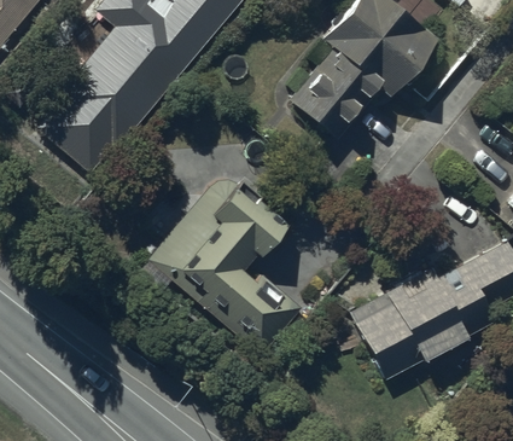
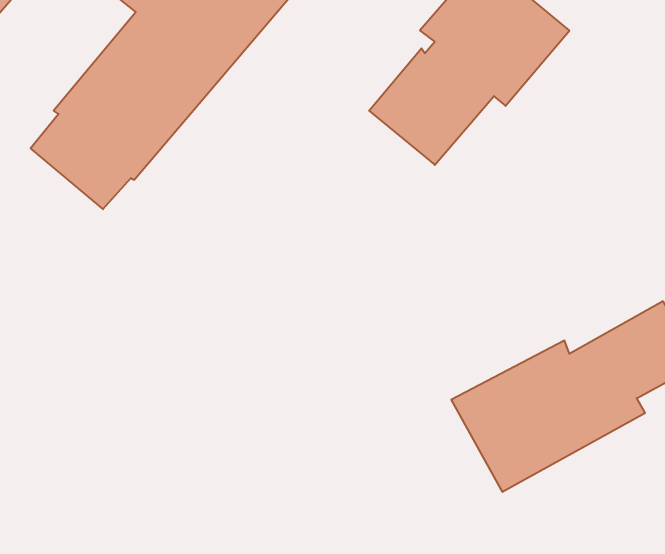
building: [147,180,299,355] -> none

